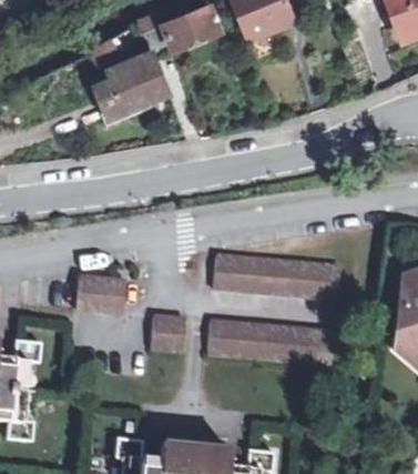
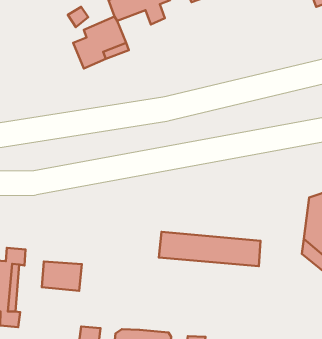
building: [215,255,341,299] -> none
building: [78,276,128,313] -> [42,262,82,291]
building: [151,315,187,351] -> none

